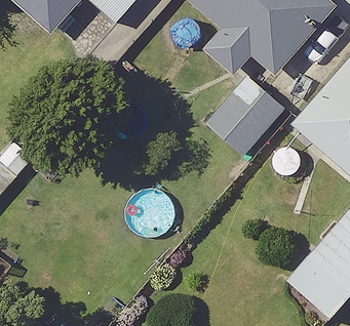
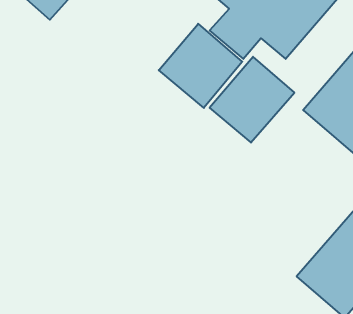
building: none -> [159,24,242,108]

